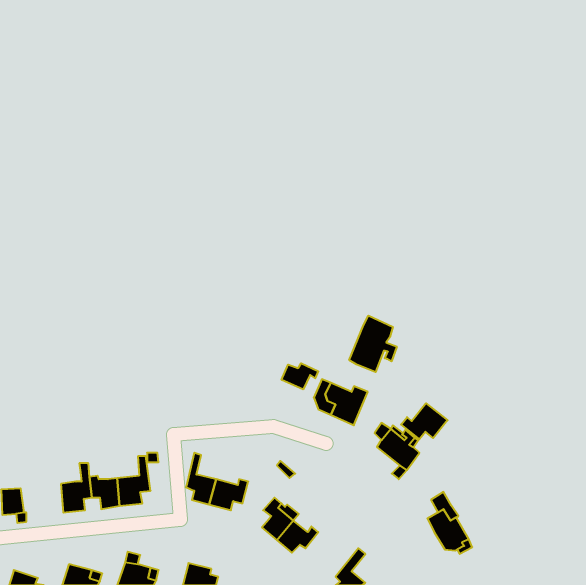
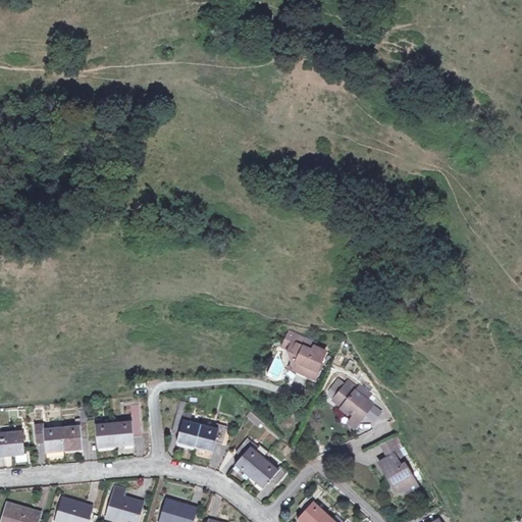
building: [349,316,397,372] -> none
building: [282,363,318,389] -> none
building: [401,403,448,439] -> none
building: none -> [32,427,57,457]

